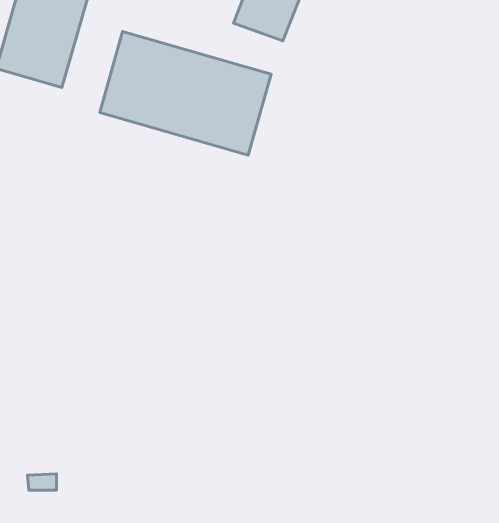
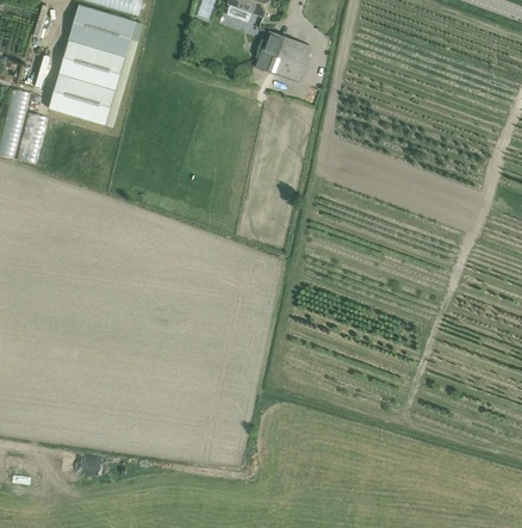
building: [100,32,271,155] -> none

